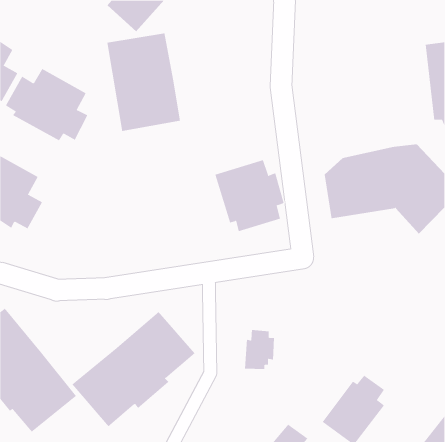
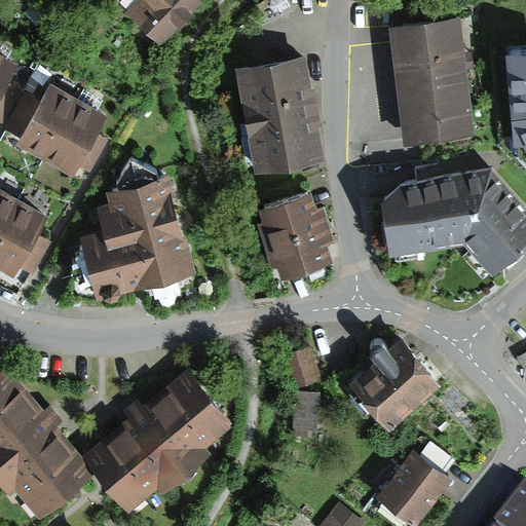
building: none -> [391,25,473,149]
building: [107,33,181,131] -> [235,60,323,176]
building: none -> [84,159,193,293]
building: none -> [349,335,441,436]
building: none -> [279,347,321,389]

